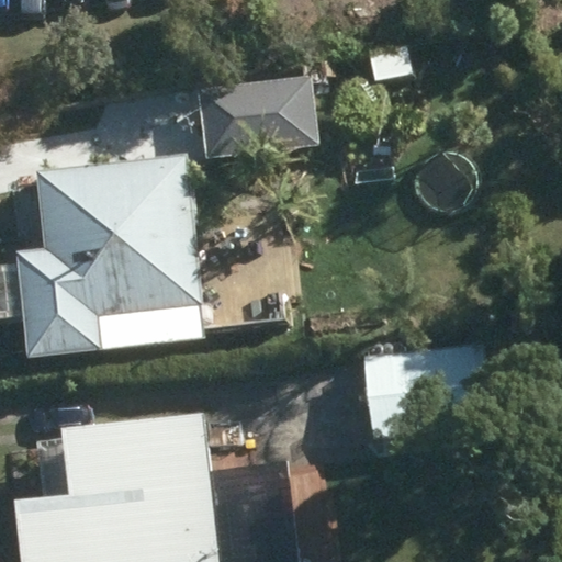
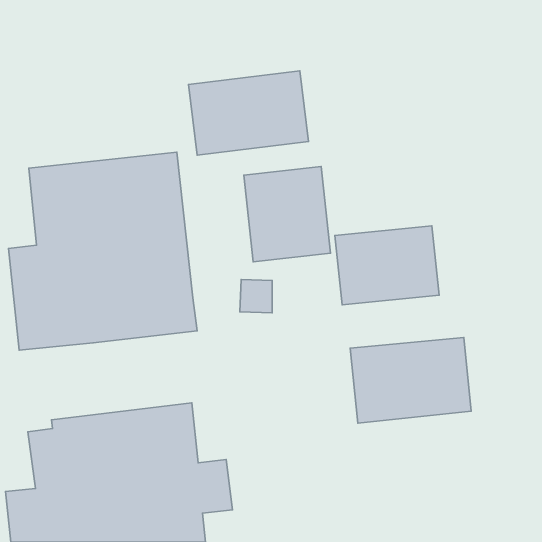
building: none -> [244,167,331,262]
building: none -> [335,226,439,305]

